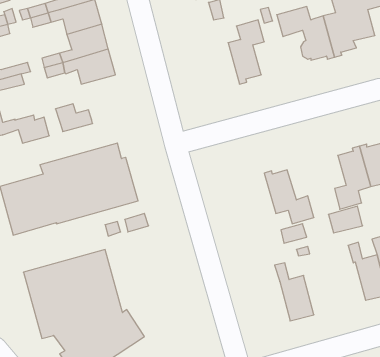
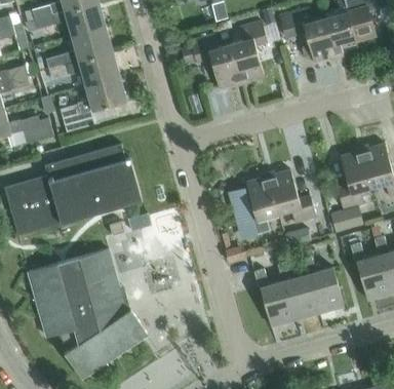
building: none -> [189,35,242,88]
building: none -> [77,76,126,114]
building: none -> [234,173,278,238]
building: none -> [301,256,344,314]
building: none -> [253,269,292,326]

